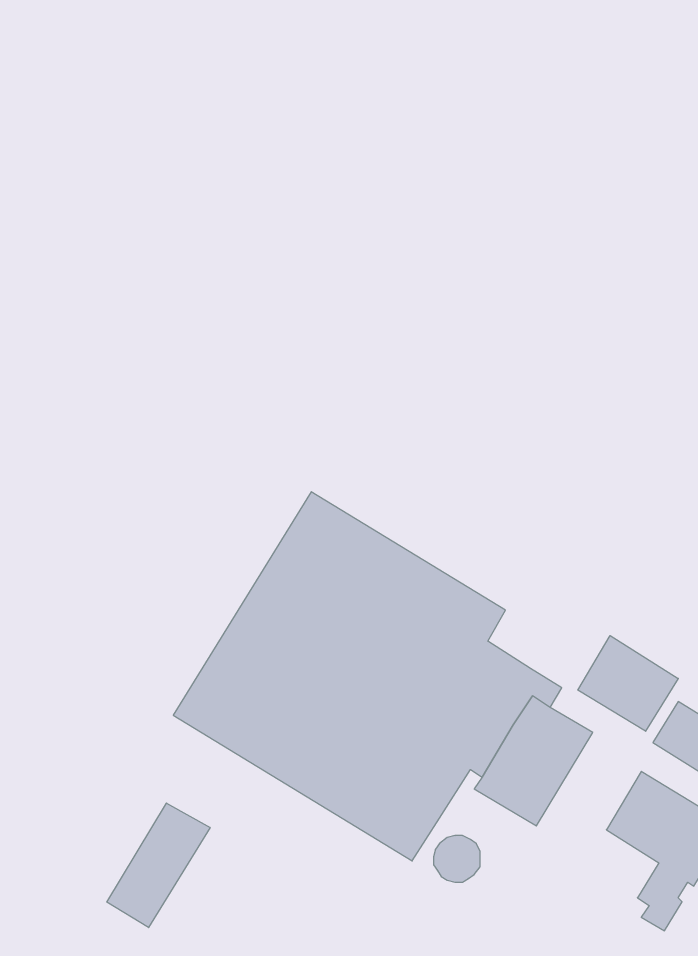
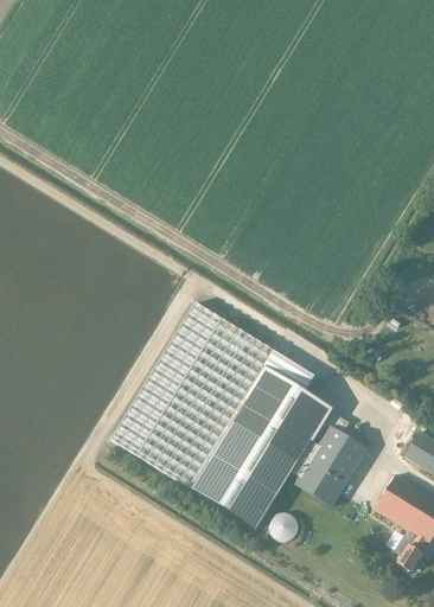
building: [578,636,678,731] -> none
building: [107,803,210,928] -> none

